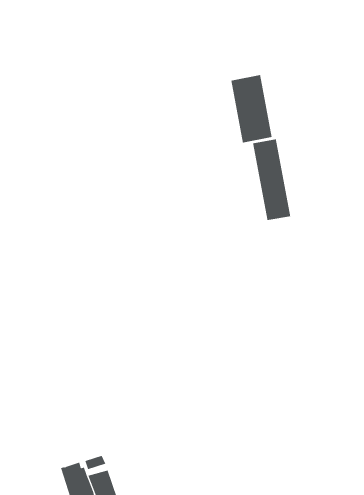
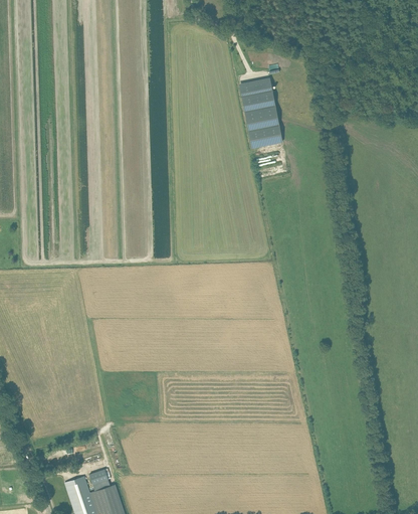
building: [252,139,291,221] -> none

